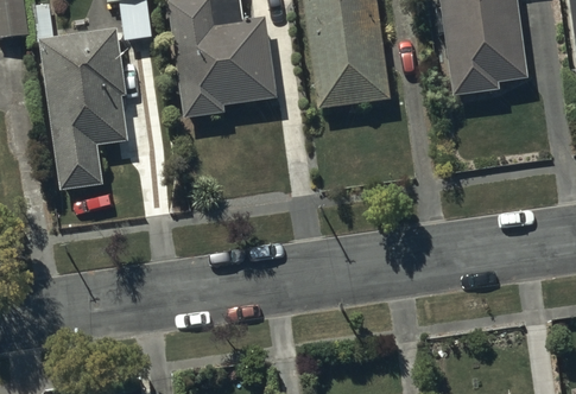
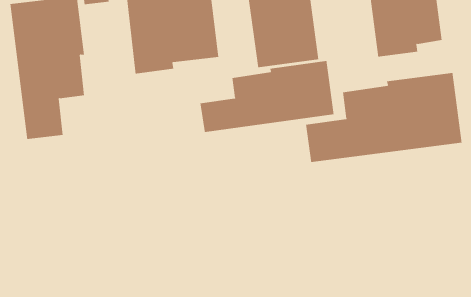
building: none -> [200,60,334,133]
building: none -> [305,72,462,163]

